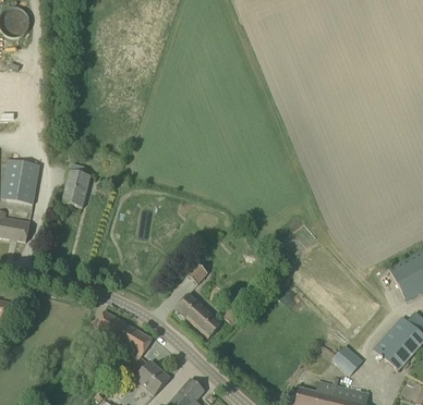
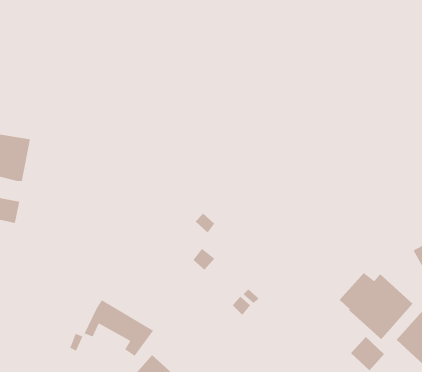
building: [61,163,90,207] -> none
building: none -> [339,272,414,340]
building: [176,293,222,339] -> none

